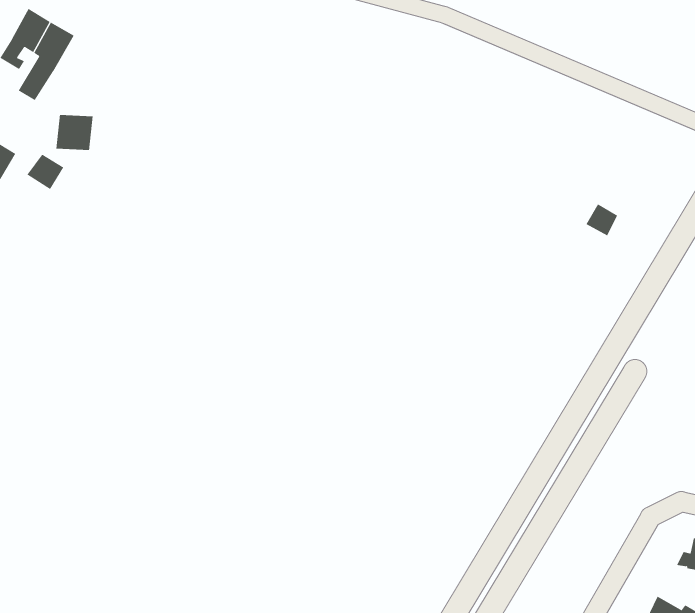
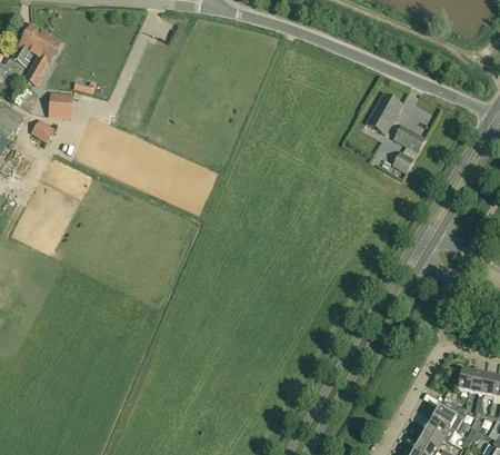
building: none -> [367,92,402,133]
building: none -> [393,123,426,151]

